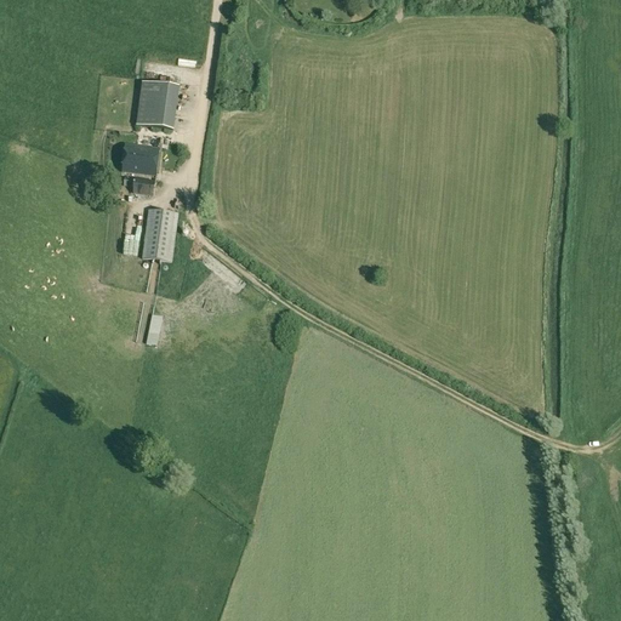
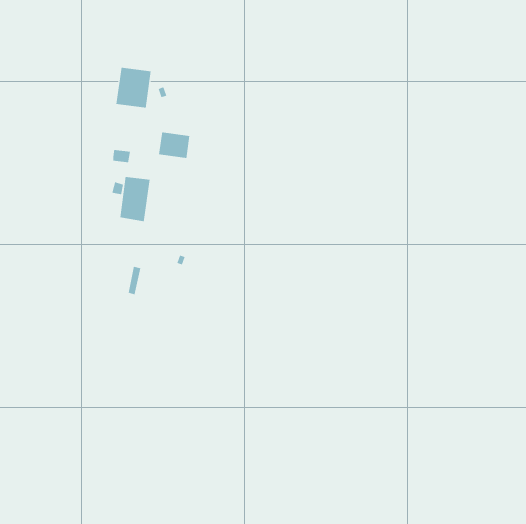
building: [121,142,159,173] -> [158,132,190,159]

